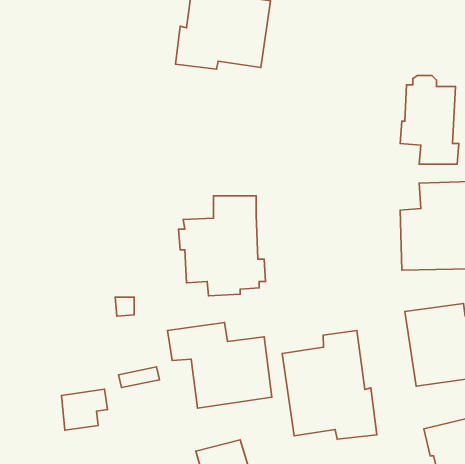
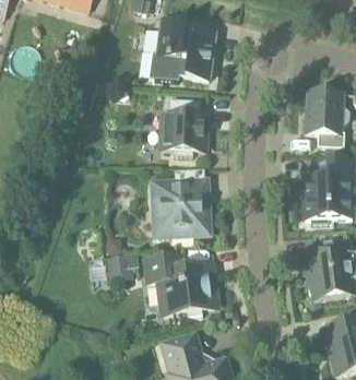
building: none -> [161,99,205,151]
building: [282,331,377,439] -> none
building: [62,389,108,430] -> [107,252,139,281]

